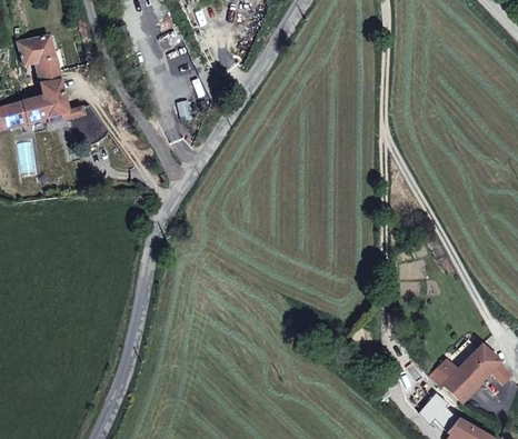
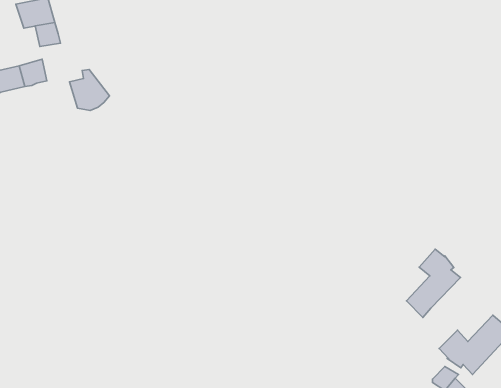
building: [40,80,69,117] -> none
building: none -> [406,249,460,317]

